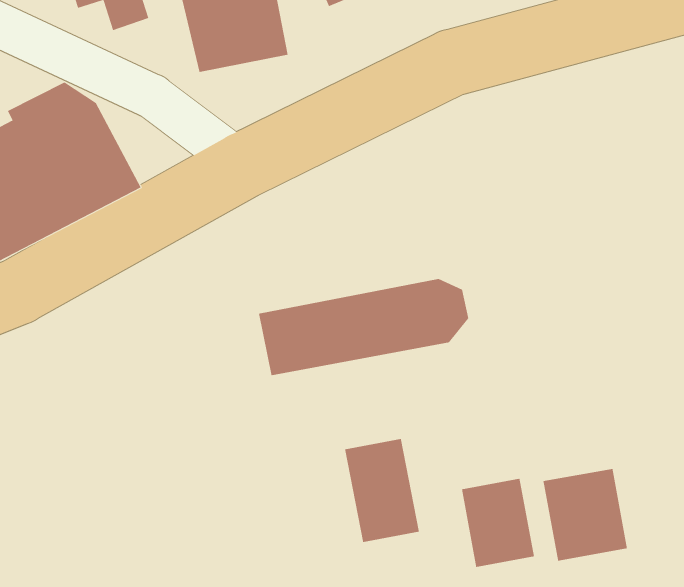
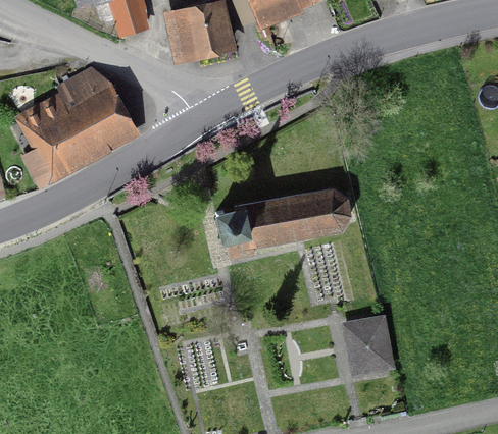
building: [345,438,419,543] -> none
building: [543,468,628,561] -> none

